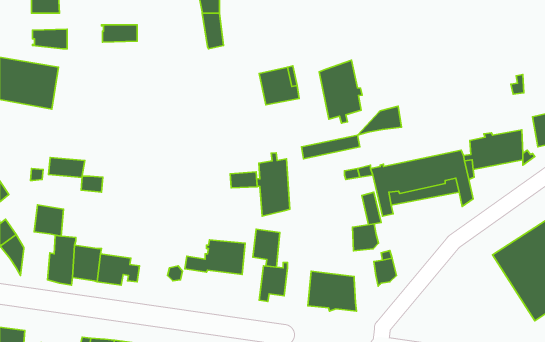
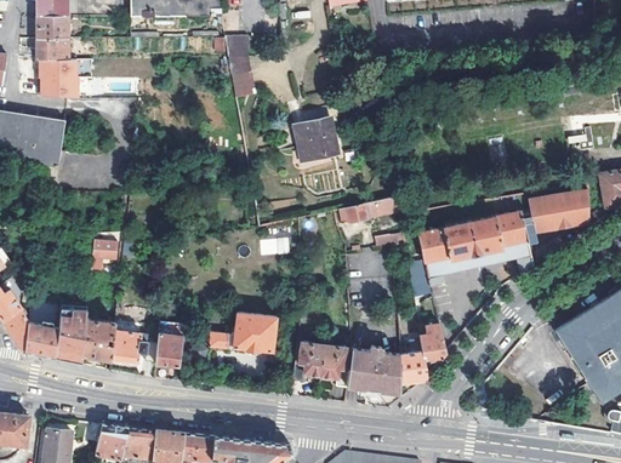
building: [101,25,137,42] -> [36,58,76,78]
building: [319,60,362,123] -> none
building: [358,106,402,135] -> none
building: [257,153,290,216] -> none
building: [49,157,85,177] -> none
building: [34,205,63,236] -> [24,322,57,358]
building: [352,224,378,251] -> [399,353,428,383]
building: [253,229,280,267] -> [320,344,351,387]
building: none -> [155,330,182,366]

